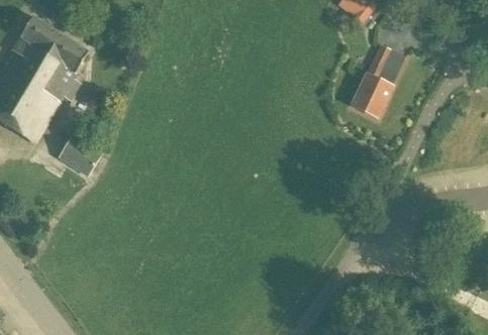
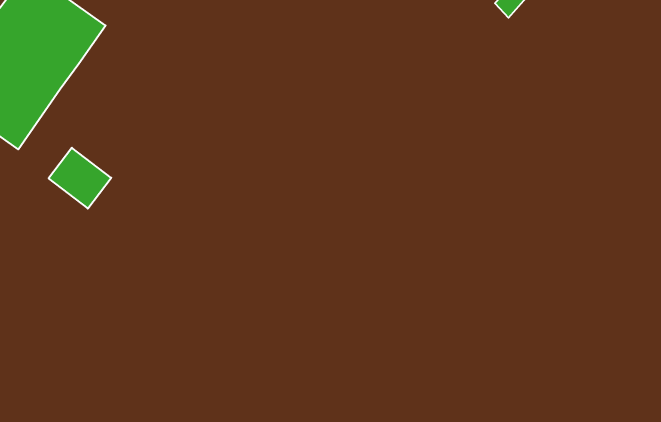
building: [352,44,405,117] -> none

